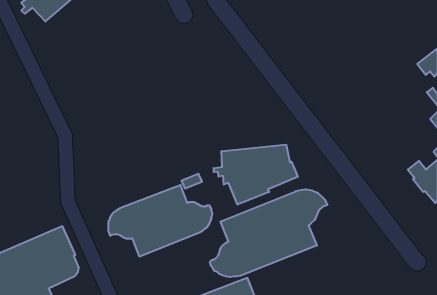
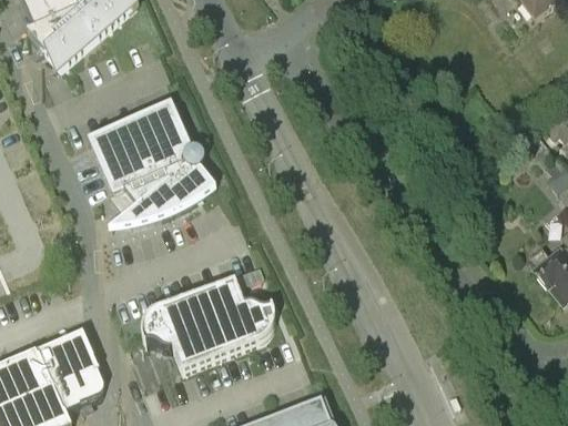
building: none -> [91,102,216,225]
building: [214,145,298,205] -> none
building: [210,189,327,277] -> none

